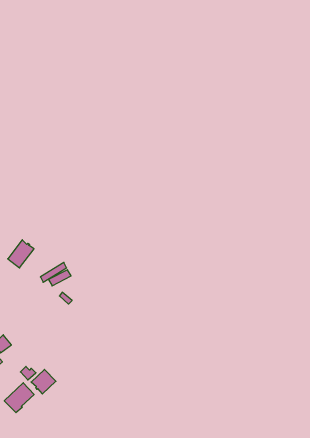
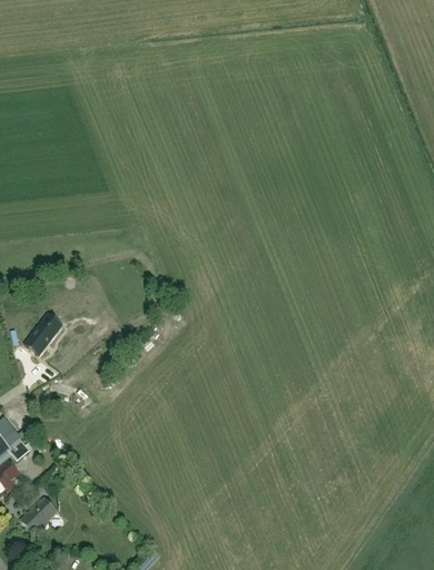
building: [31,369,56,394] -> none

